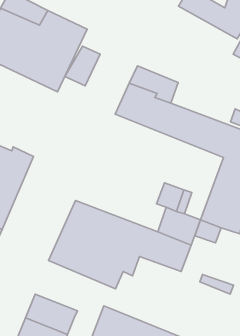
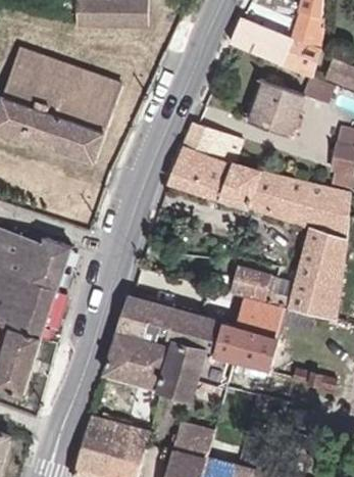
building: none -> [243,77,305,137]
building: [65,46,100,86] -> none

